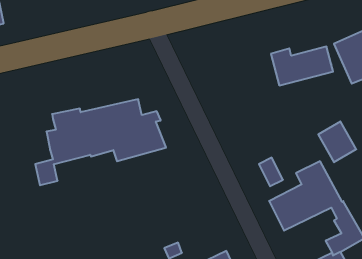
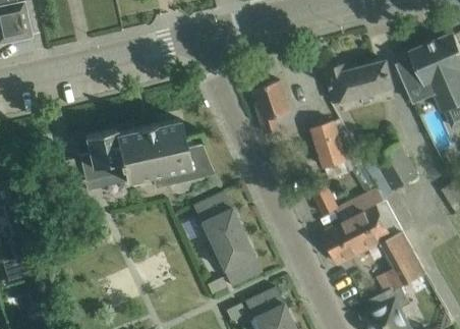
building: none -> [255,81,290,135]
building: none -> [311,121,346,169]
building: none -> [192,193,262,287]

